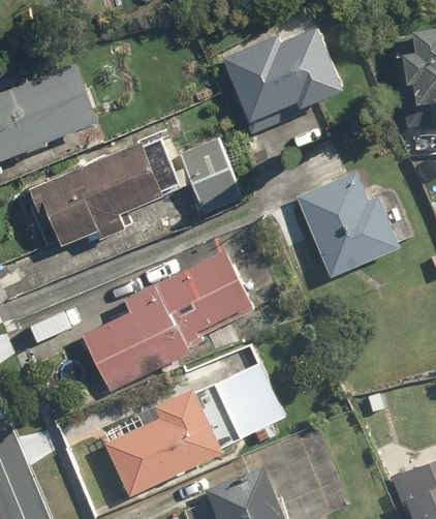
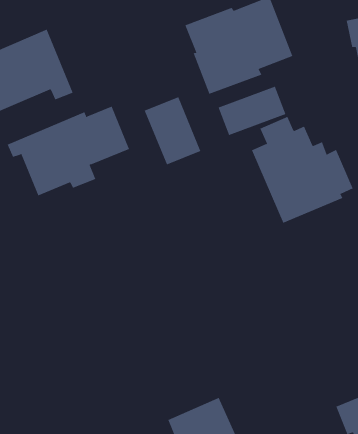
building: none -> [218,86,286,136]
building: [81,251,254,391] -> none
building: [106,365,283,494] -> none

